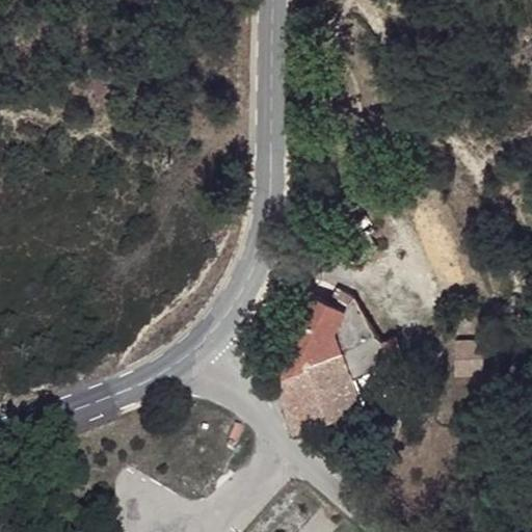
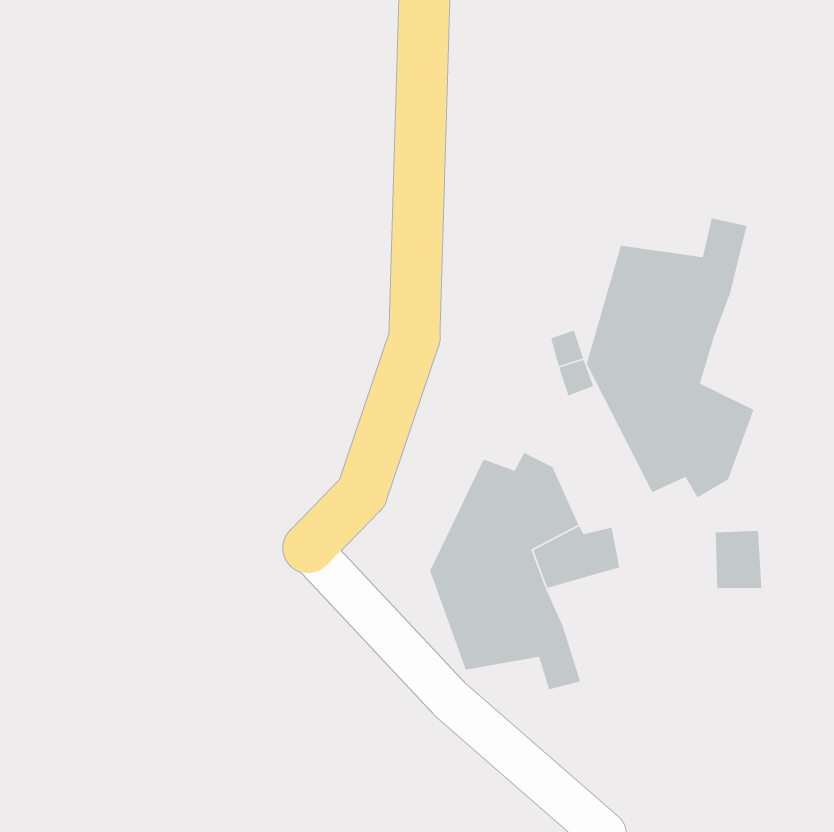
building: none -> [586,217,754,499]

